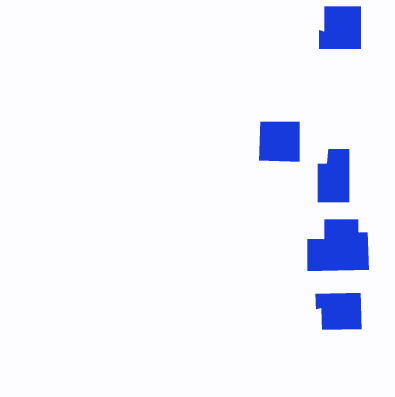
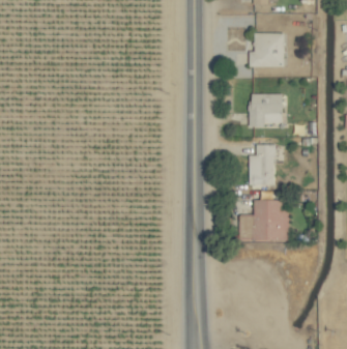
building: [258,121,301,162] -> [250,94,283,126]
building: [315,292,362,331] -> none

